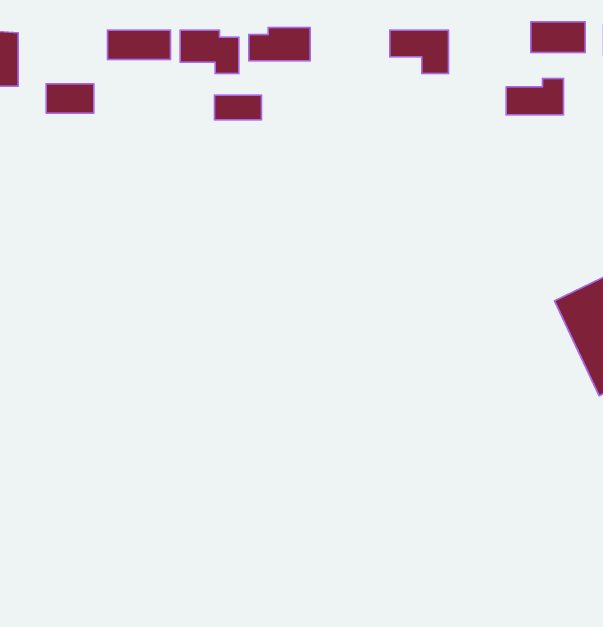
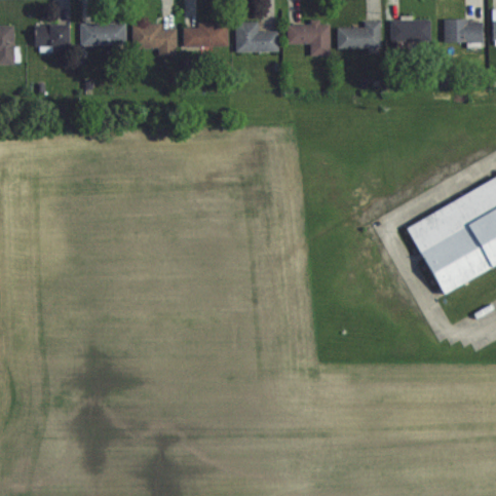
building: none -> [236,23,278,53]
building: [506,79,564,115] -> [338,22,380,48]
building: [46,84,94,113] -> [35,26,70,47]
building: [215,95,262,120] -> none

